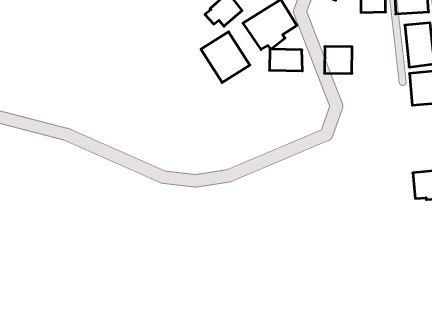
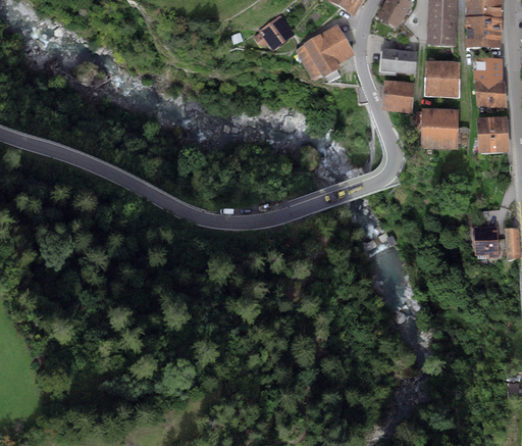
building: none -> [424,62,460,98]
building: [201,32,250,83] -> none
building: [269,49,302,71] -> [378,49,416,76]
building: none -> [420,109,458,149]

